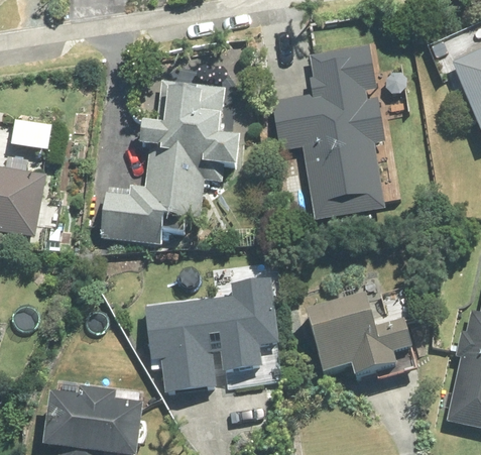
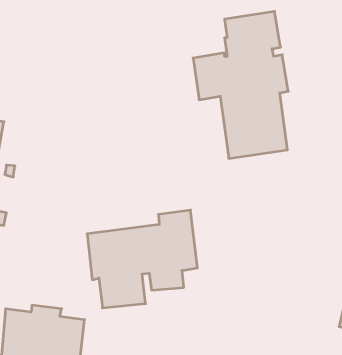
building: [100,78,242,242] -> none
building: [307,298,413,378] -> none

